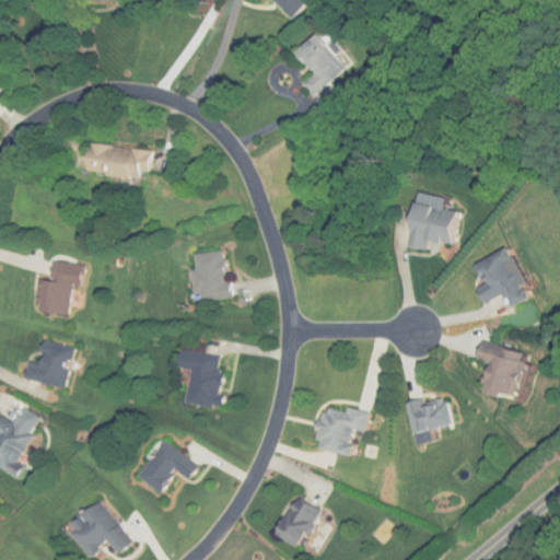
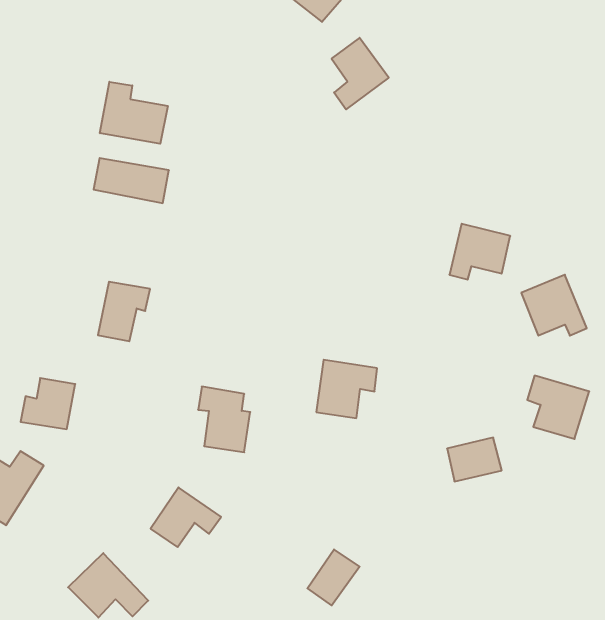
building: none -> [100,82,168,144]
building: [189,252,230,300] -> none
building: [33,259,80,313] -> [98,282,150,341]
building: [315,401,370,454] -> [316,360,377,418]

